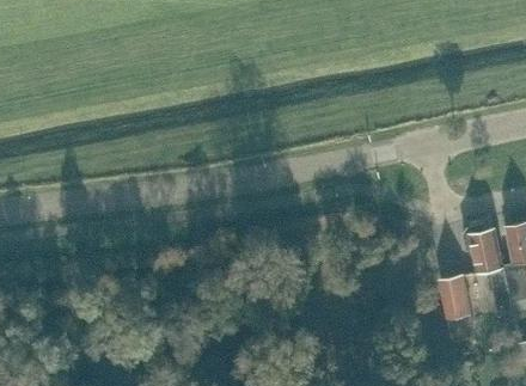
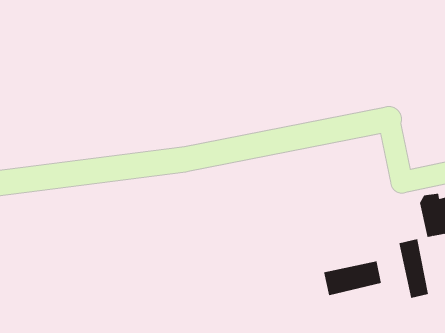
building: none -> [324,260,381,296]

